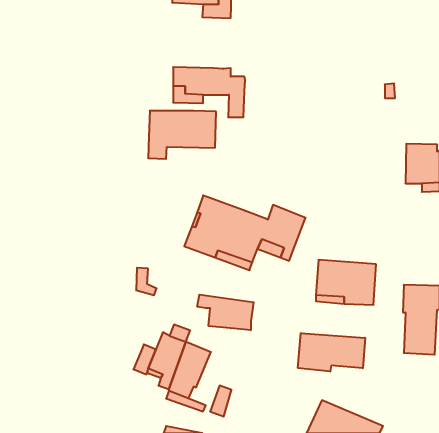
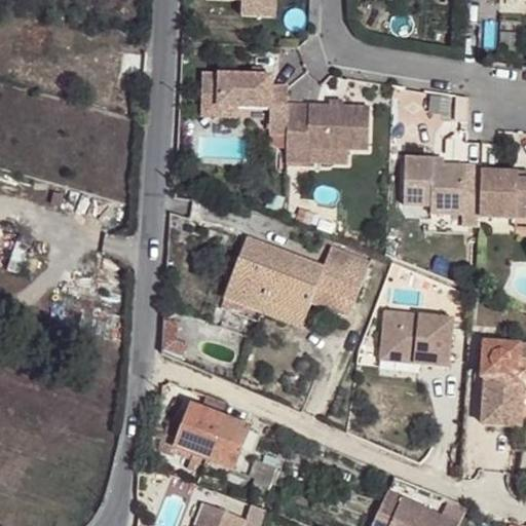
building: [148,111,216,159] -> [291,109,372,166]
building: none -> [409,159,486,227]
building: [197,295,254,330] -> none
building: [298,333,365,372] -> none

